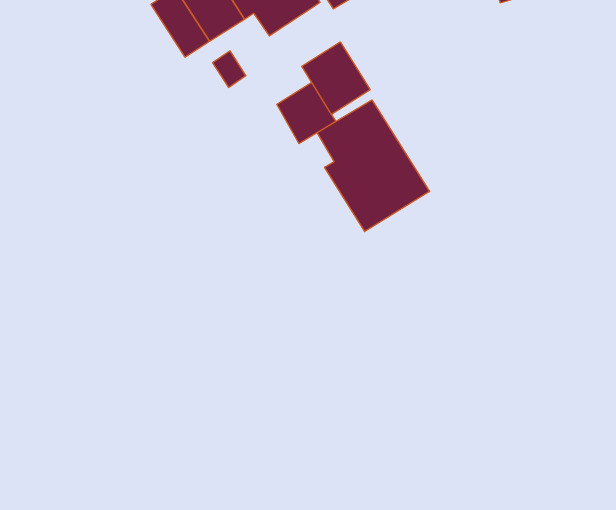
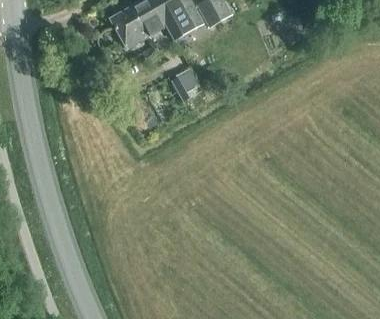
building: [302,42,370,114] -> none
building: [317,100,430,232] -> none

